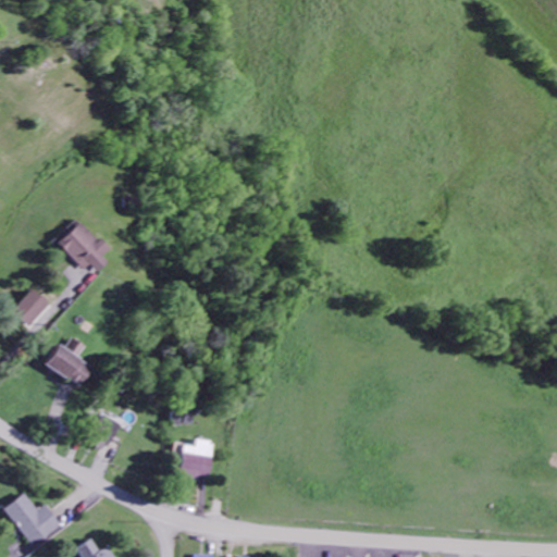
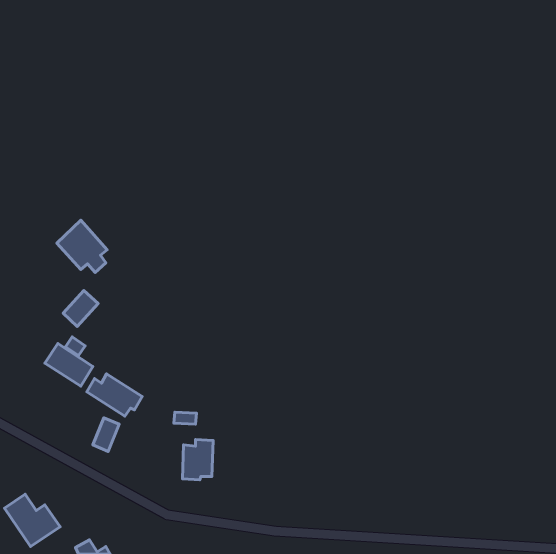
building: [14,290,49,326] -> [63,290,98,326]
building: none -> [87,374,142,416]

